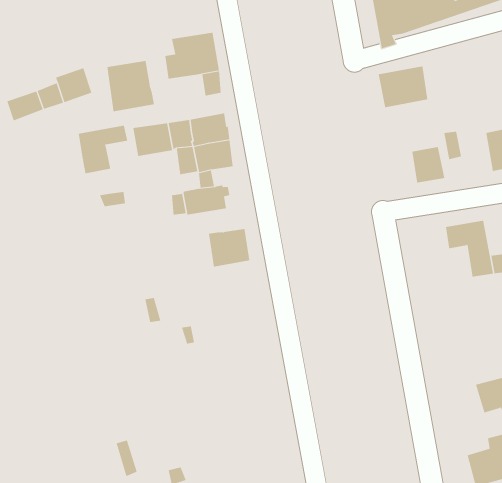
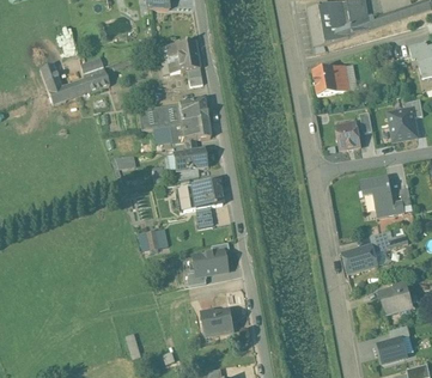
building: [107,60,154,112] -> none
building: [78,125,128,174] -> none
building: none -> [342,243,377,272]
building: none -> [195,245,233,281]
building: none -> [201,310,233,336]

